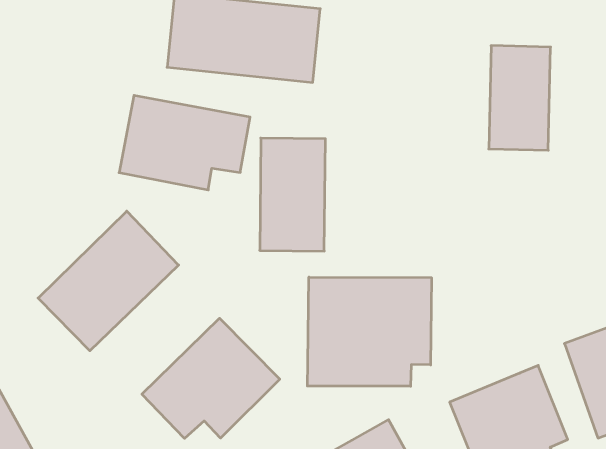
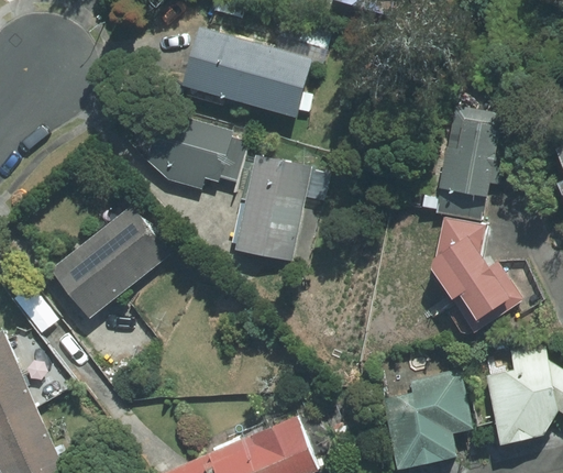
building: none -> [422,213,512,322]
building: [307,277,431,386] -> none
building: [142,318,280,438] -> none

